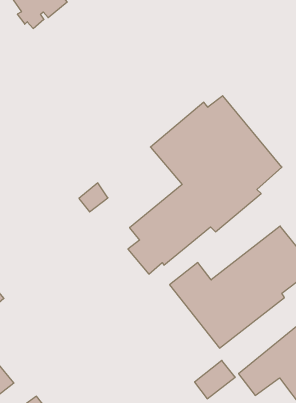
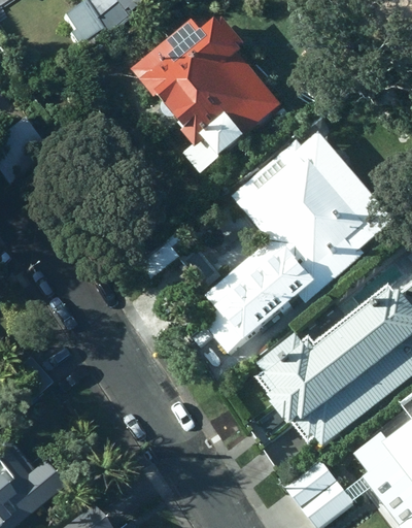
building: none -> [133,16,282,172]

